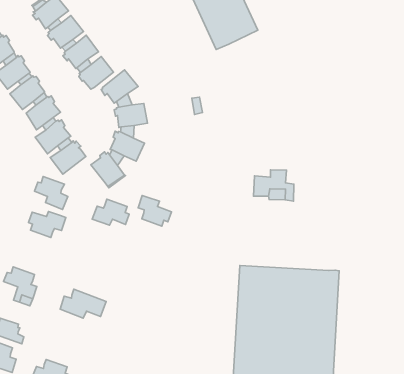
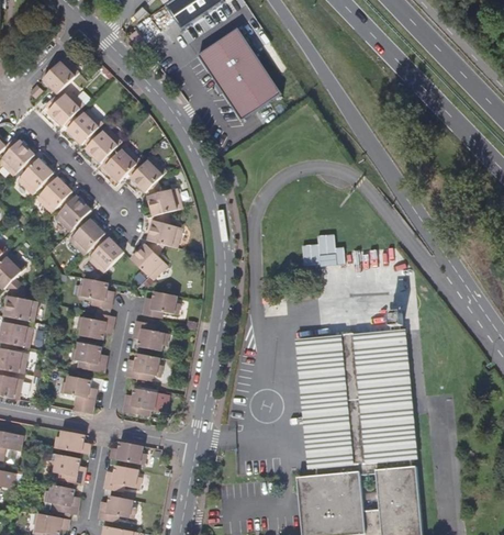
building: [138,195,172,226] -> [132,321,167,349]
building: none -> [70,343,105,372]
building: none -> [124,354,161,381]
building: none -> [110,442,146,464]

